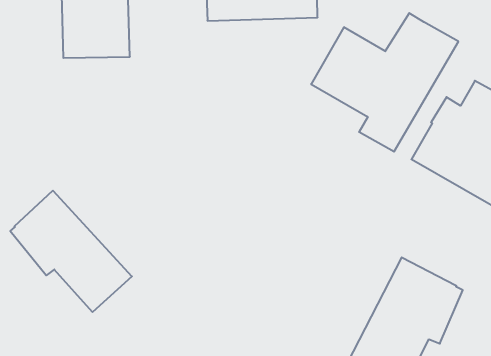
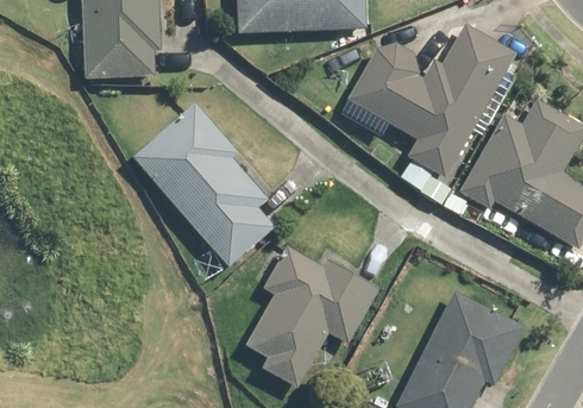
building: none -> [128,101,271,264]
building: [10,191,132,312] -> none
building: none -> [245,247,378,391]

